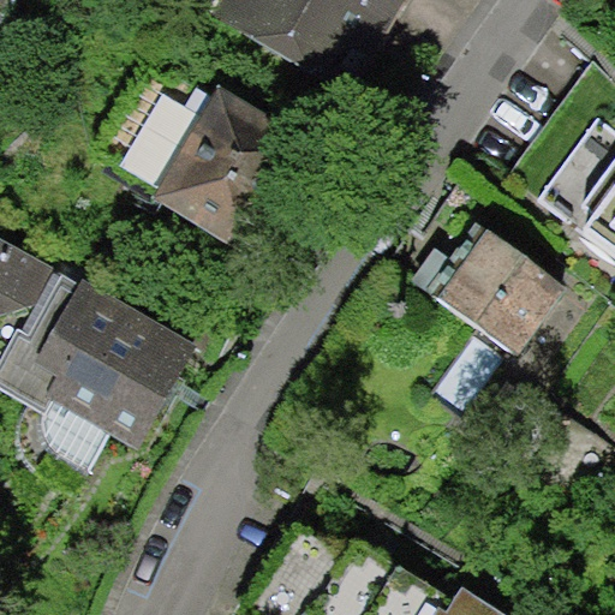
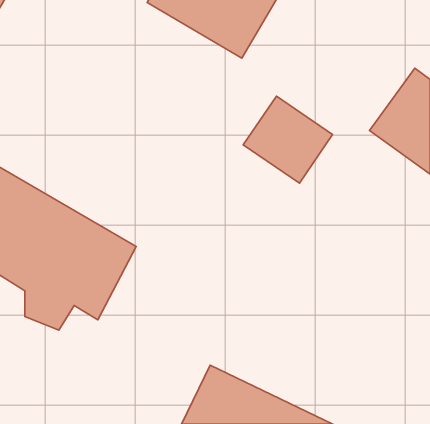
building: [130,80,309,256] -> none
building: [435,228,561,351] -> [243,96,333,183]

